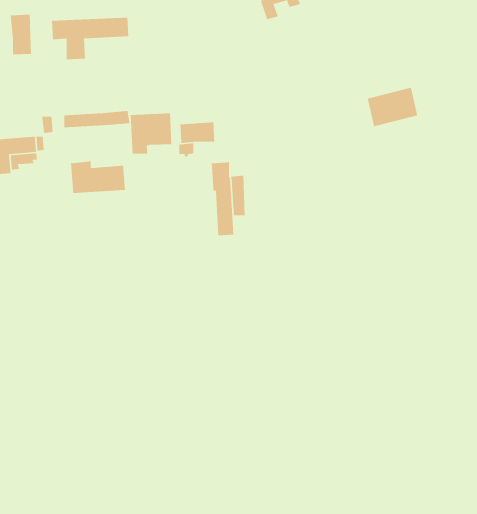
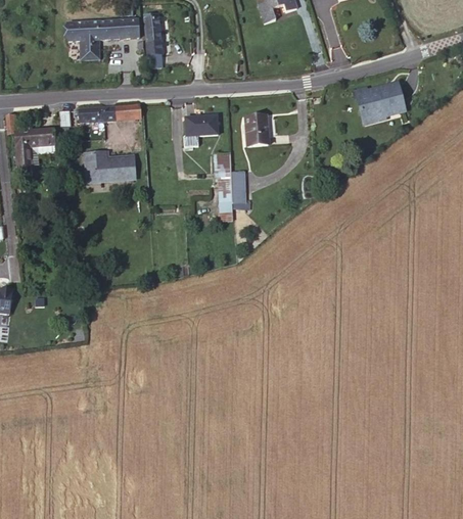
building: [10,14,32,55] -> none
building: none -> [144,17,161,54]
building: [130,112,172,154] -> none
building: none -> [245,115,269,146]

